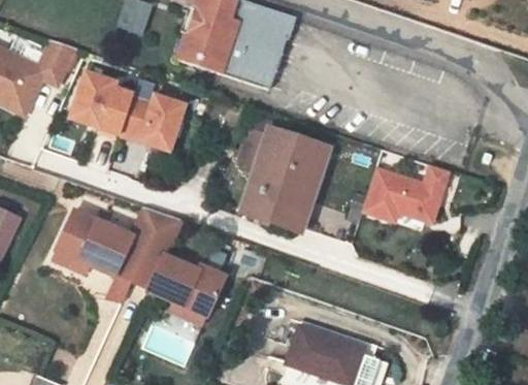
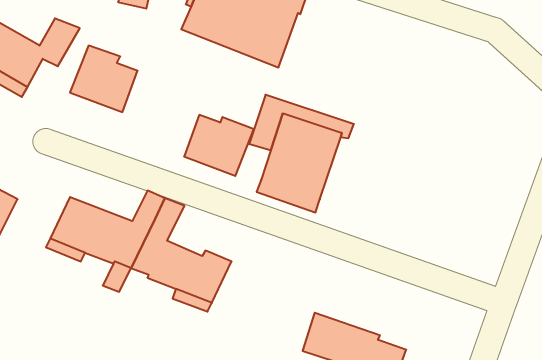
building: [121,93,187,151] -> [184,115,254,176]
building: [359,169,448,227] -> none

